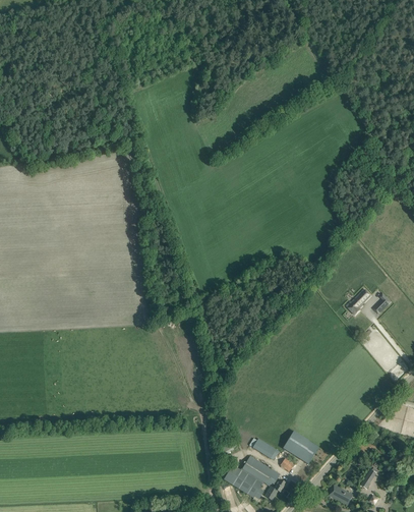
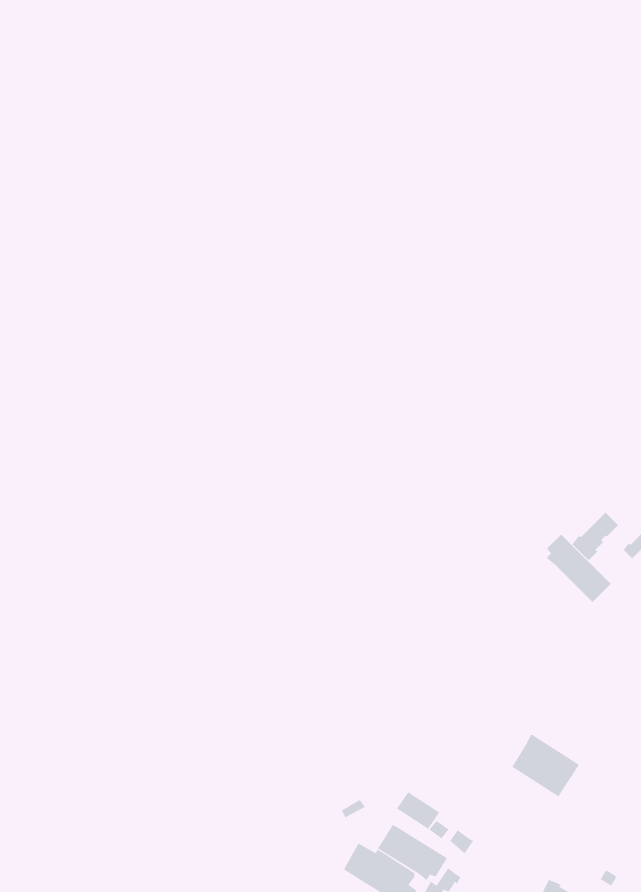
building: none -> [546,534,611,603]
building: [283,431,319,464] -> [511,734,580,797]

